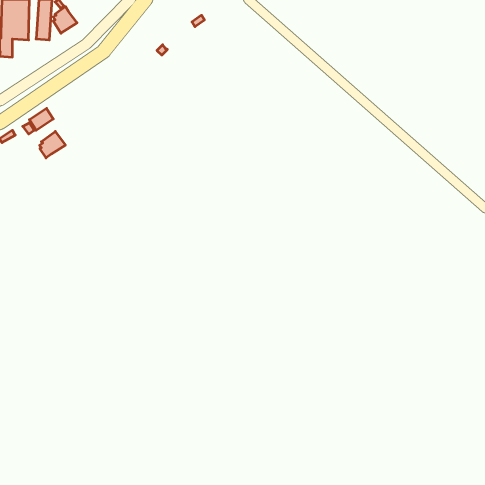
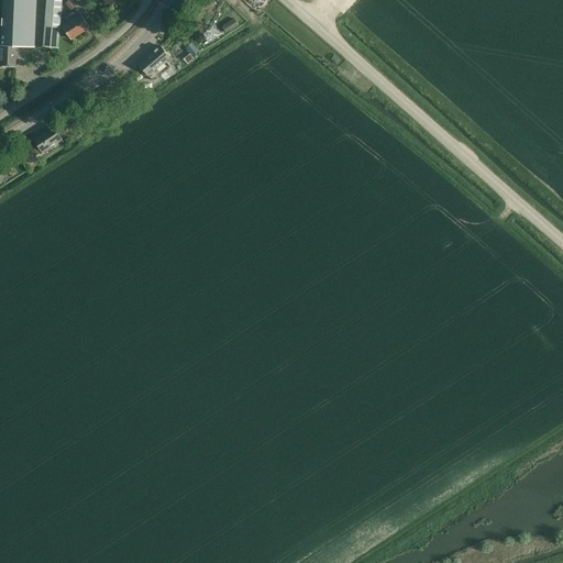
building: none -> [137,45,169,80]
building: [40,131,65,158] -> none

